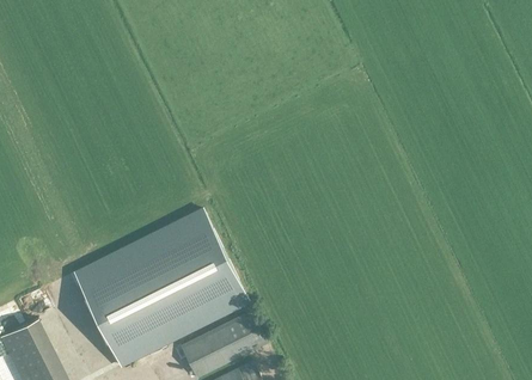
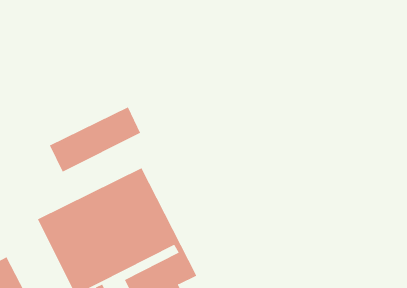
building: none -> [49,107,141,172]

